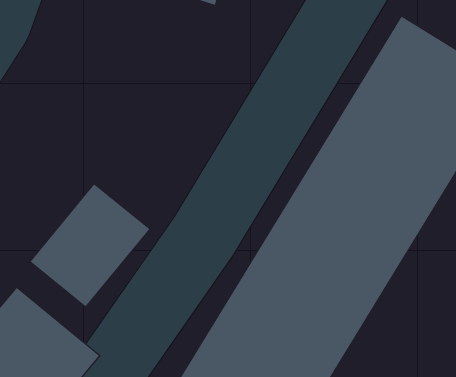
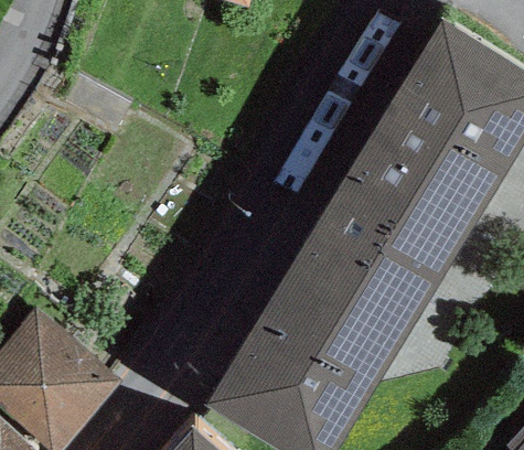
building: [30,184,150,307] -> none

